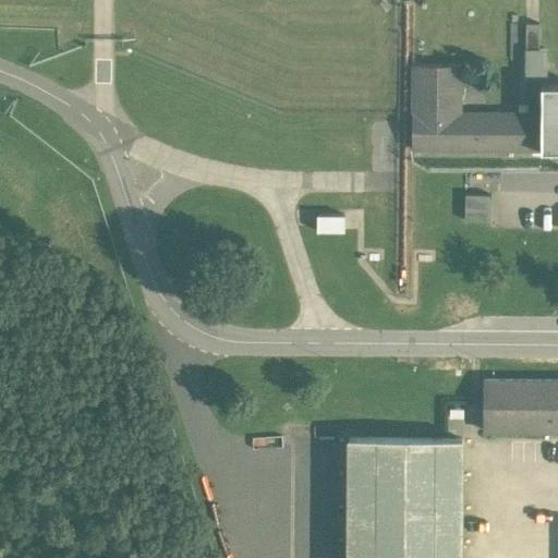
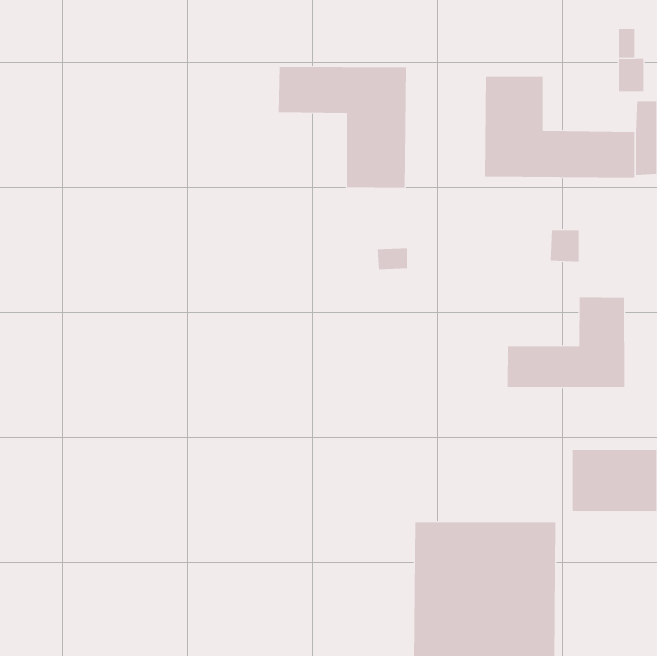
building: none -> [278,66,406,189]
building: none -> [507,297,625,388]

